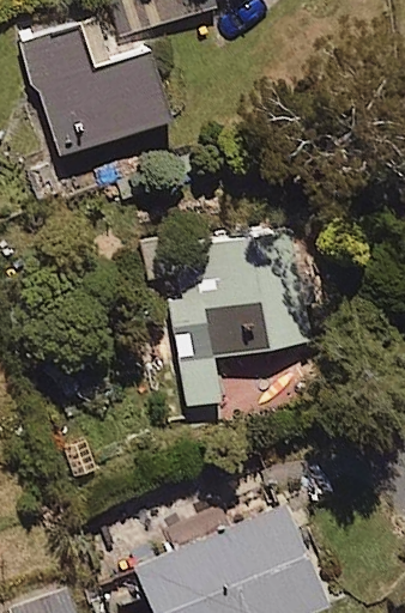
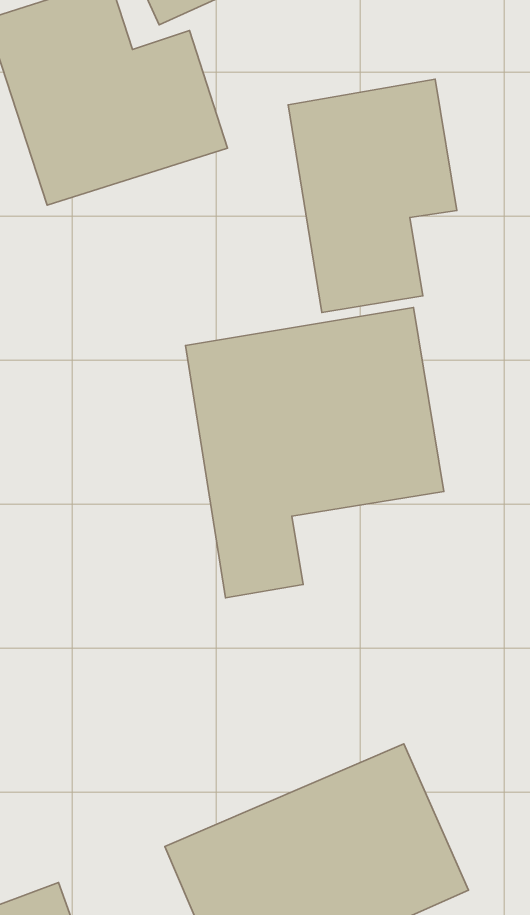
building: none -> [288,79,457,313]

